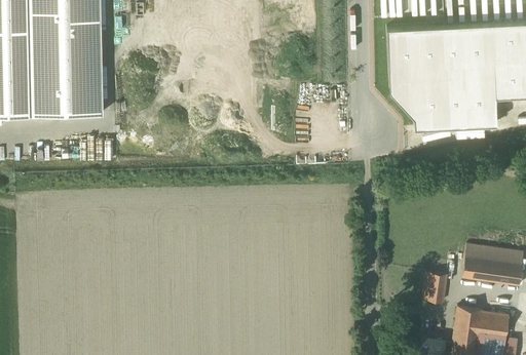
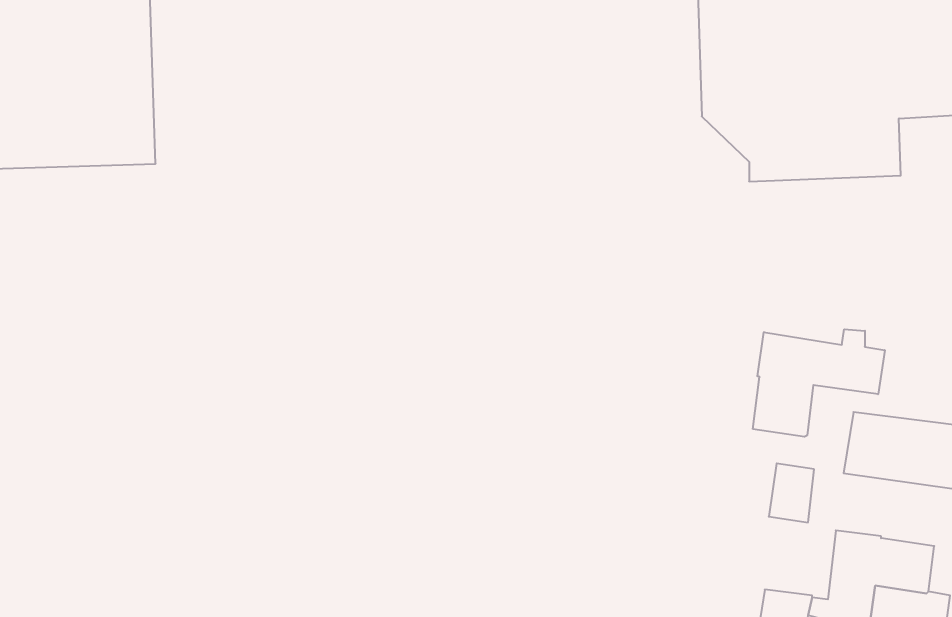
building: none -> [753,329,885,437]

